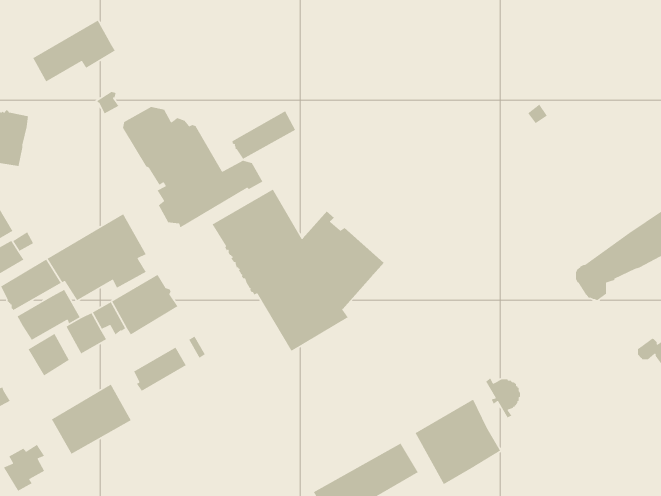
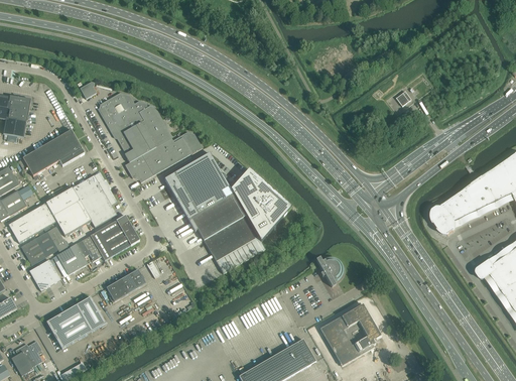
building: [32,19,116,83] -> [23,129,85,175]
building: [232,110,296,160] -> none
building: [485,377,521,418] -> [316,256,343,286]

